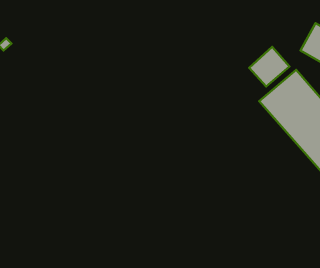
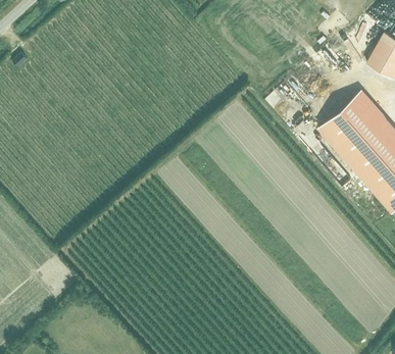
building: [249,47,289,87] -> none

